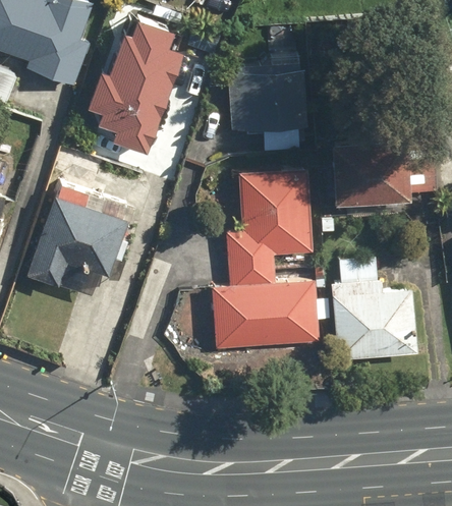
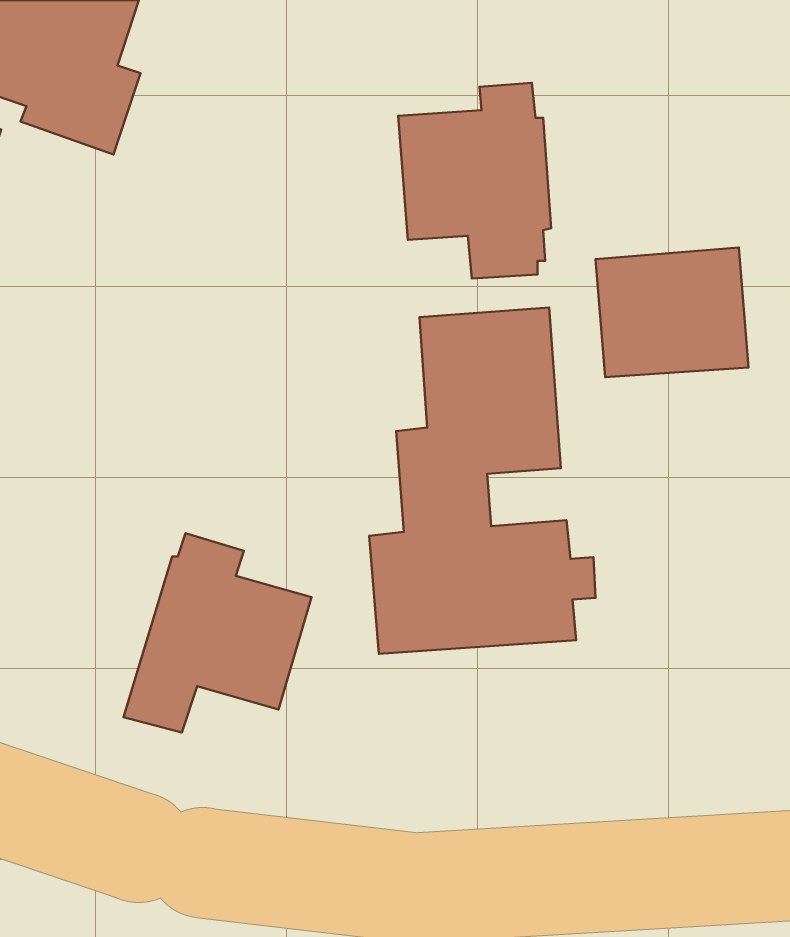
building: [89,15,183,157] -> none
building: [27,182,126,287] -> [124,533,311,733]
building: [331,278,416,359] -> none

